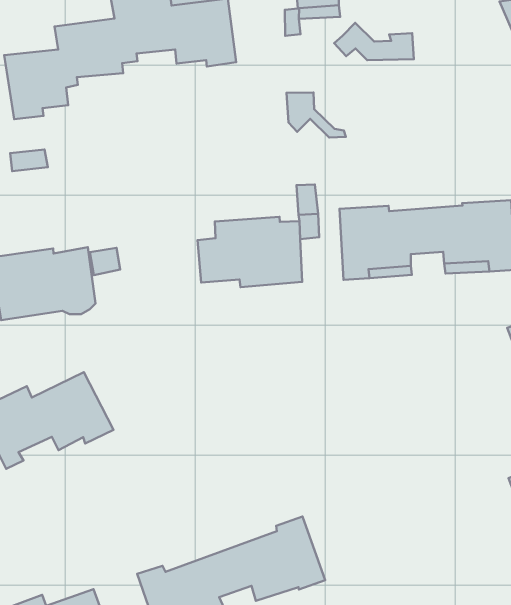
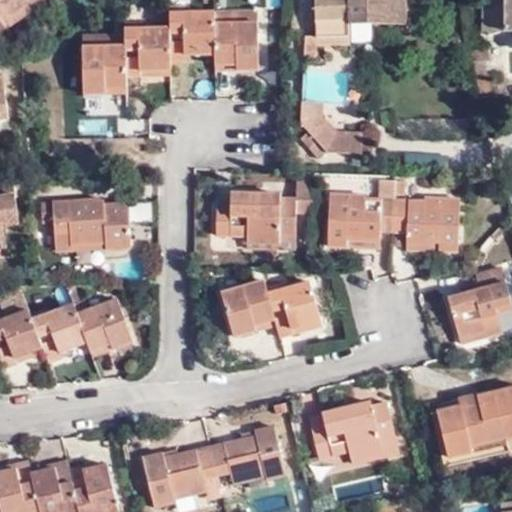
building: [334,23,414,60] -> [295,119,356,152]
building: none -> [219,278,320,338]
building: none -> [307,401,398,464]

